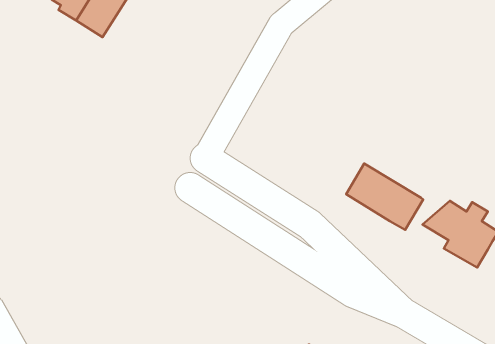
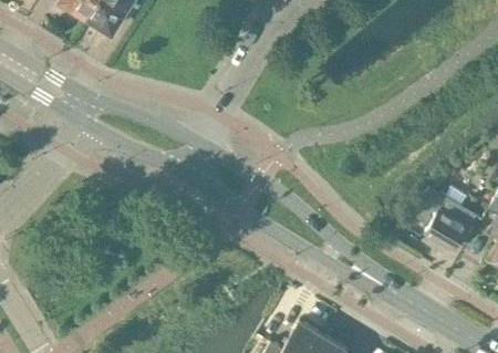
building: [346,164,423,230] -> none

